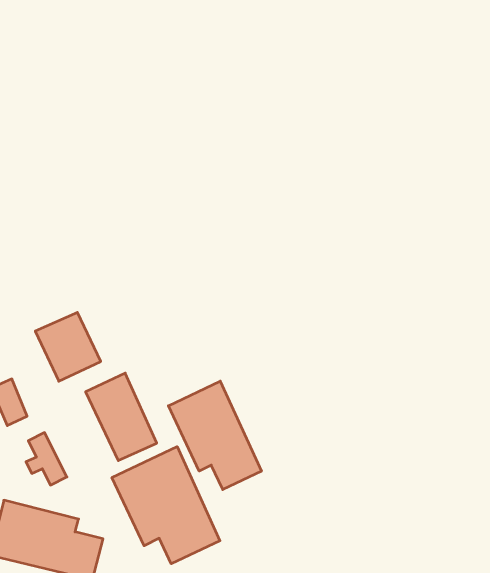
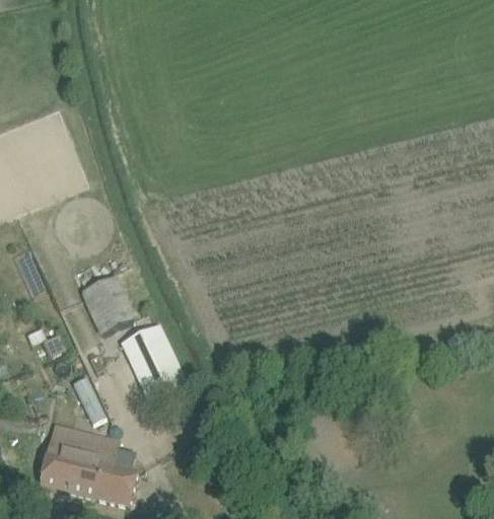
building: [168,381,261,490] -> none
building: [112,447,220,564] -> none

